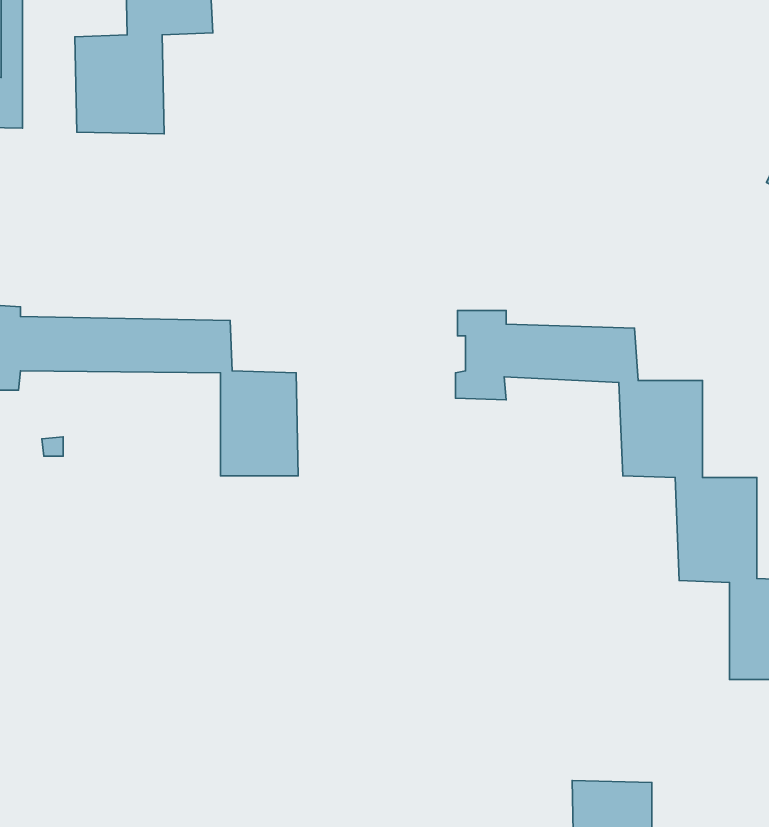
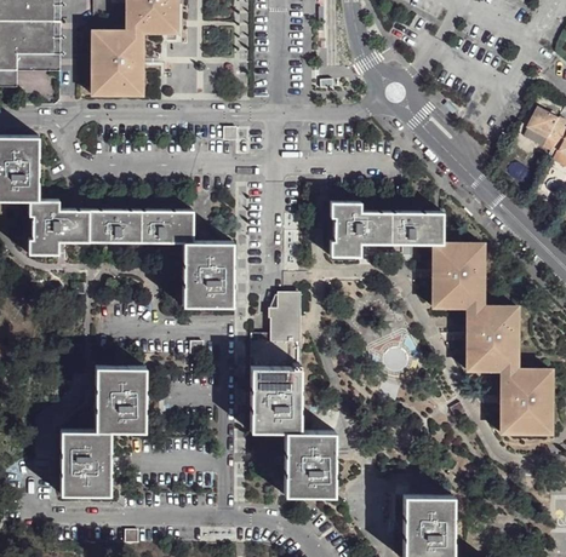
building: none -> [251,303,336,498]
building: none -> [61,367,145,496]

